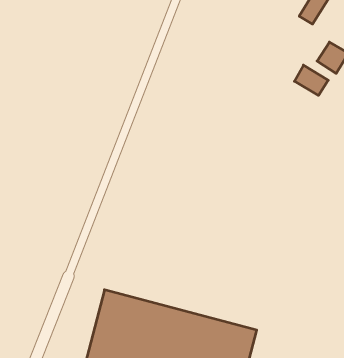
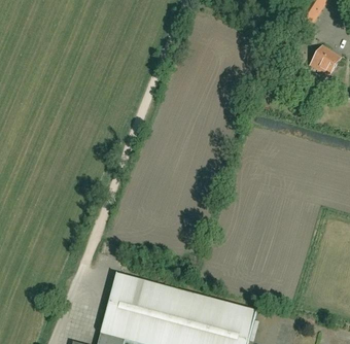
building: [294,65,328,95] -> none

